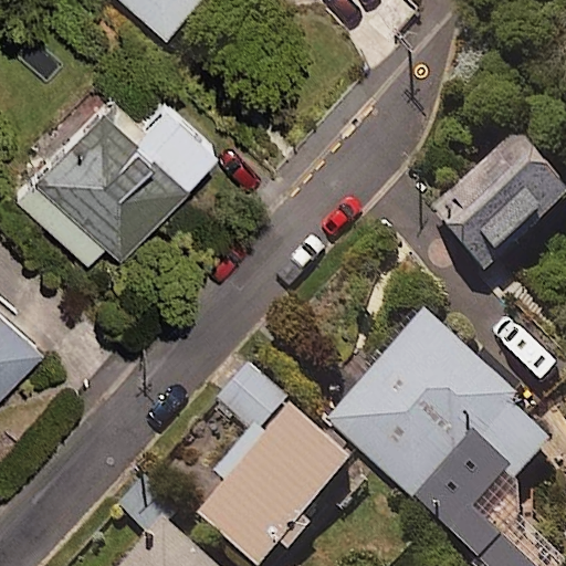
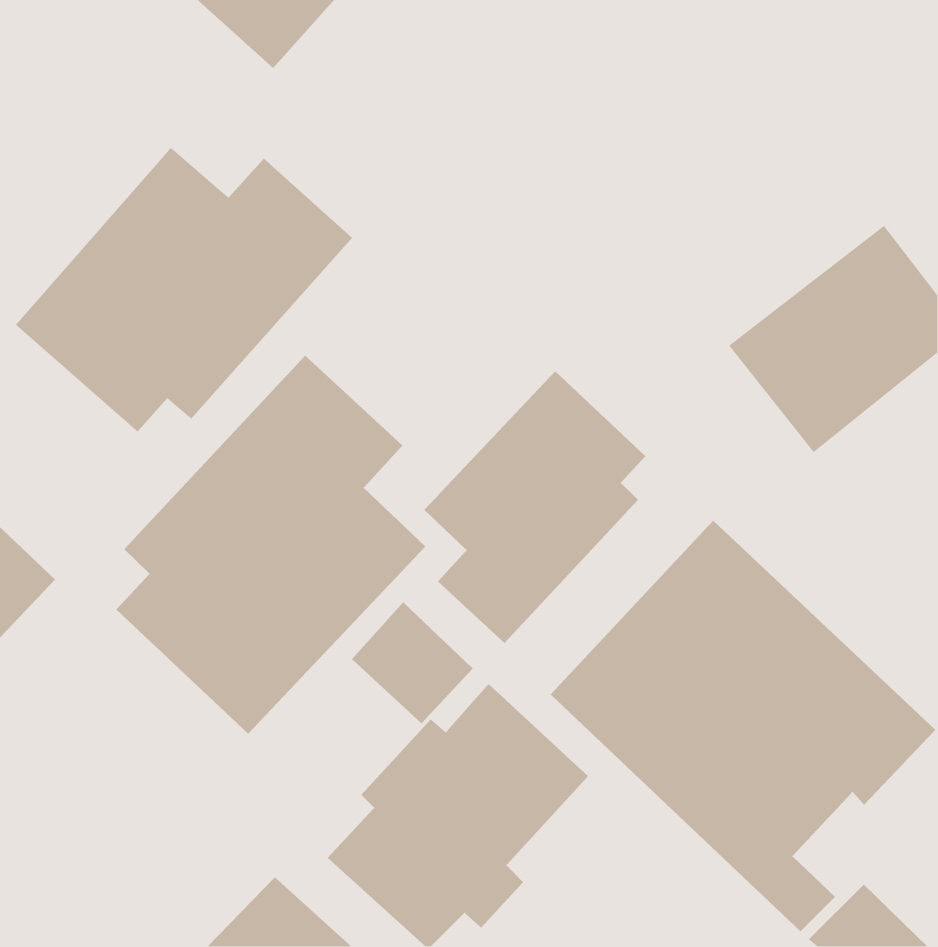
building: none -> [116,355,426,735]
building: none -> [423,370,646,644]

